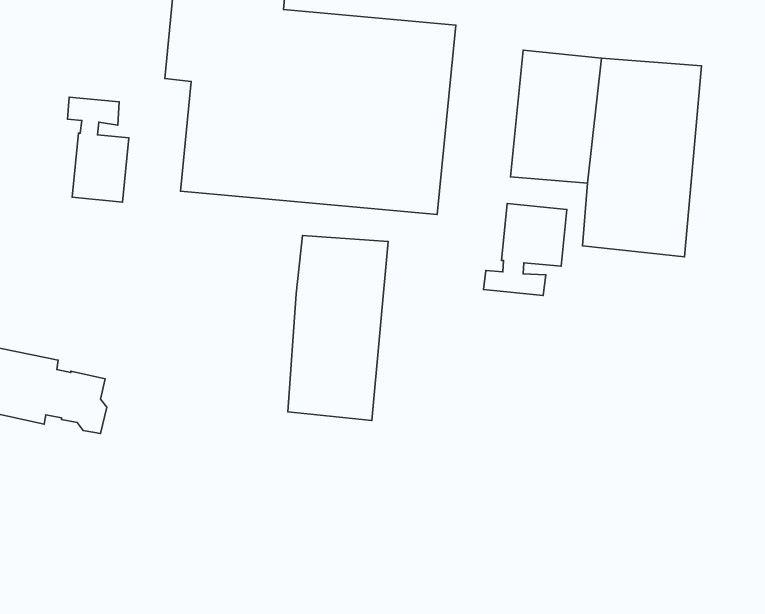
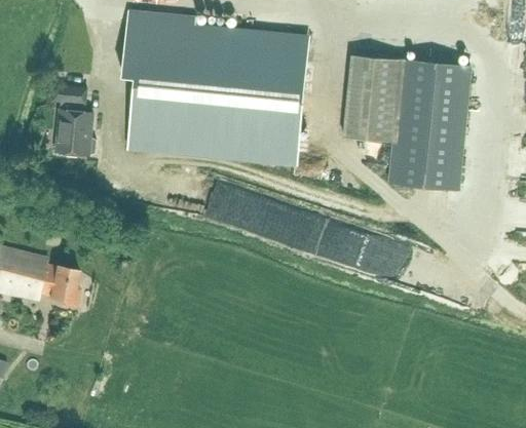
building: [483,203,567,296] -> none
building: [288,235,388,421] -> none

